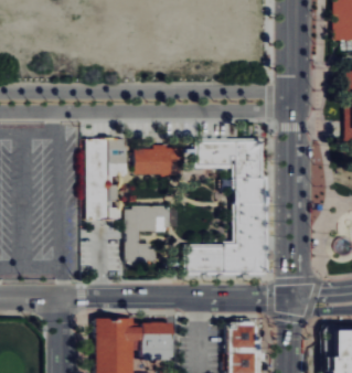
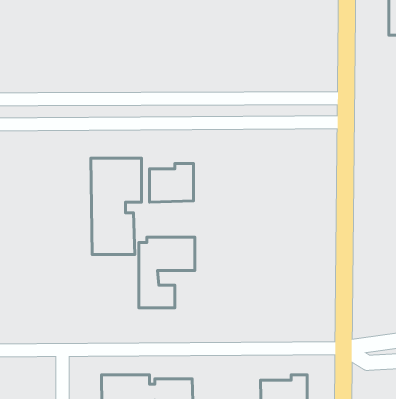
building: [185,143,263,270] -> none

